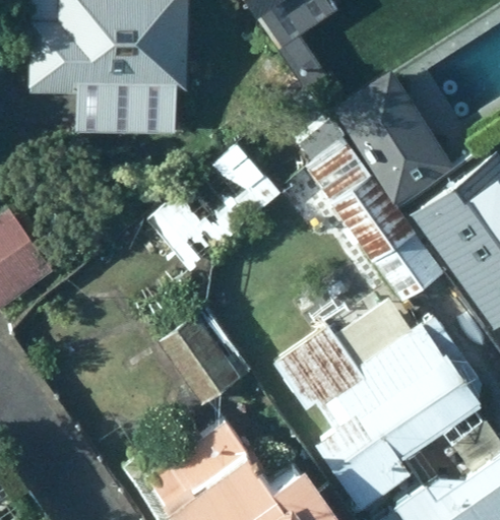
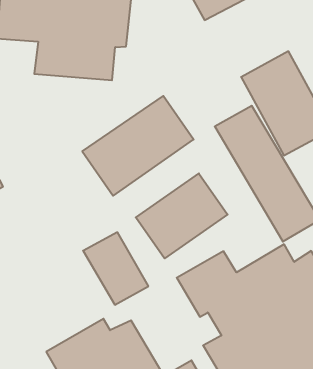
building: none -> [136,173,228,258]

